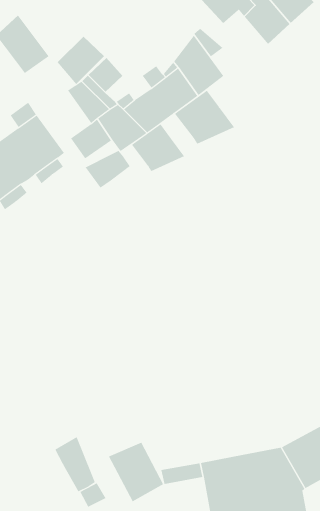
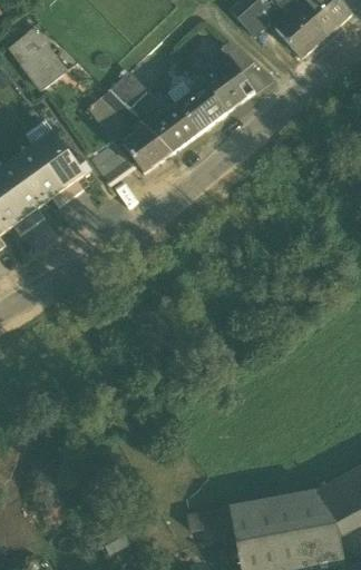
building: [57,36,105,85] -> none
building: [174,90,235,145] -> none
building: [131,124,185,172] -> none
building: [85,150,131,188] -> none
building: [54,436,96,492] -> none
building: [108,442,164,502] -> none

